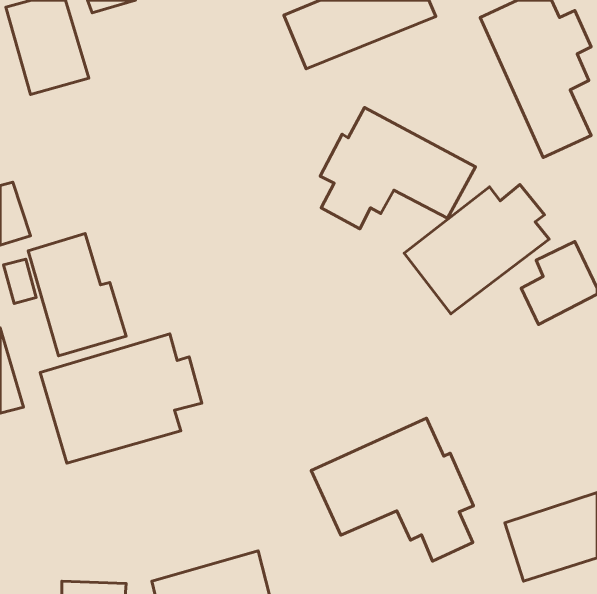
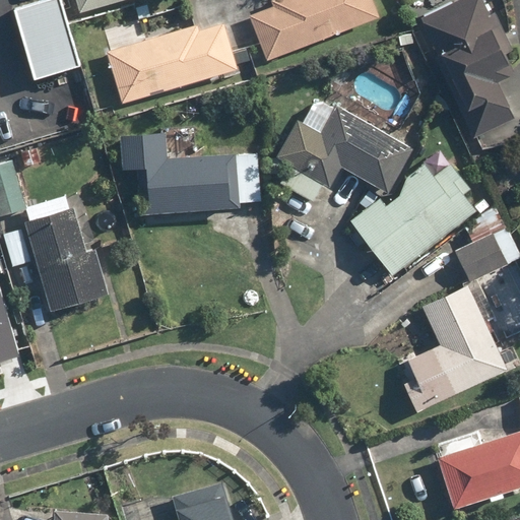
building: none -> [104,21,240,103]
building: none -> [122,132,258,212]
building: none -> [397,282,506,410]
building: [40,334,202,463] -> none
building: [311,418,474,561] -> none

